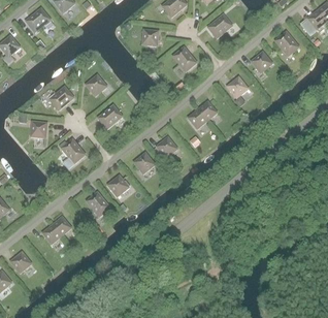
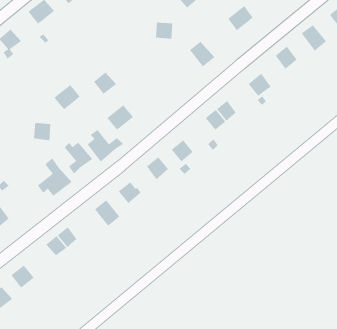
building: none -> [87,129,124,163]
building: none -> [37,157,72,197]

